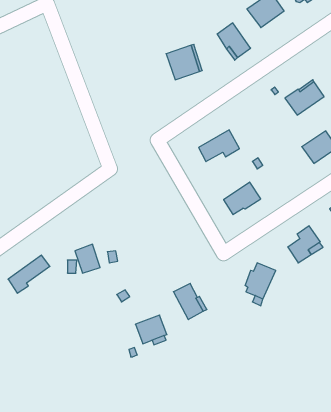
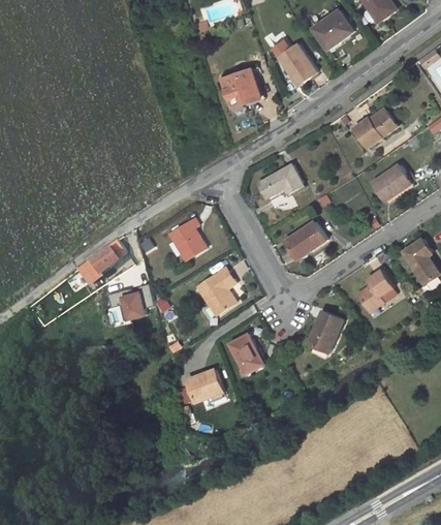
building: none -> [168,218,204,260]
building: none -> [196,268,235,315]
building: [8,255,50,293] -> [75,241,122,283]

